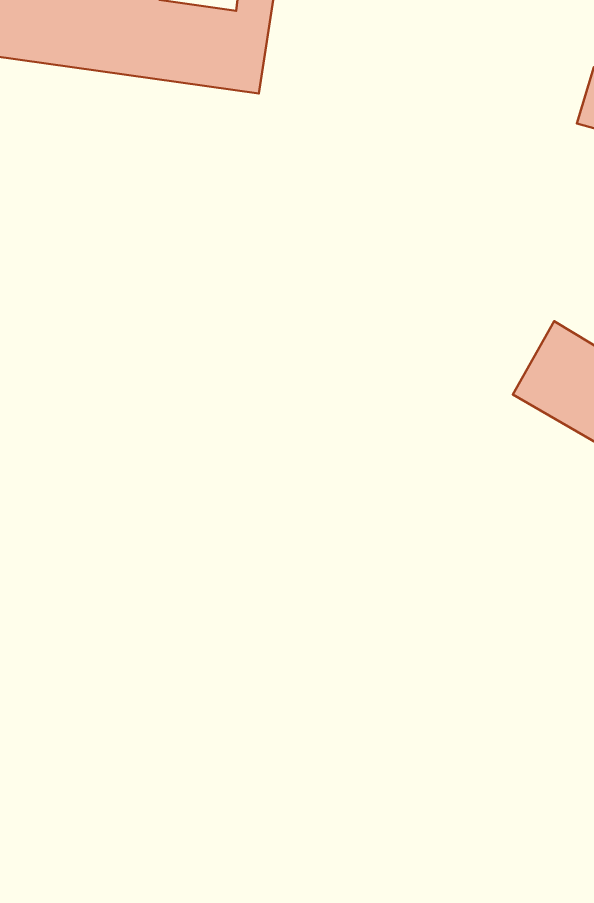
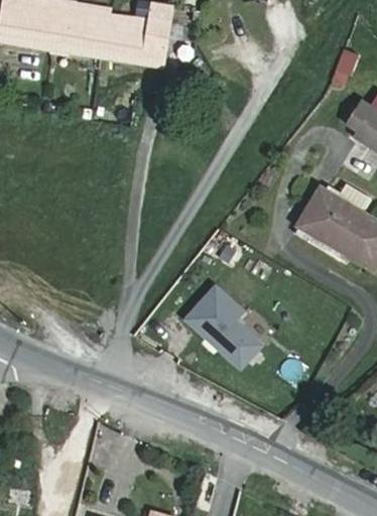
building: none -> [184,285,262,369]

